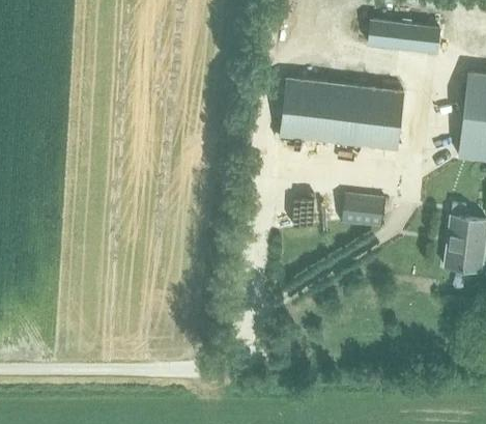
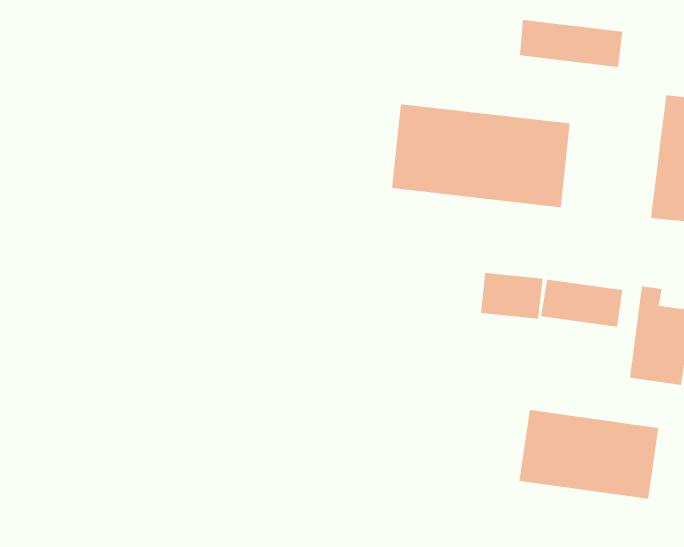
building: none -> [541,279,623,327]
building: none -> [519,409,659,500]

